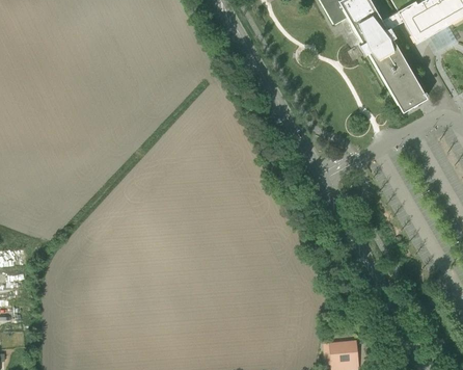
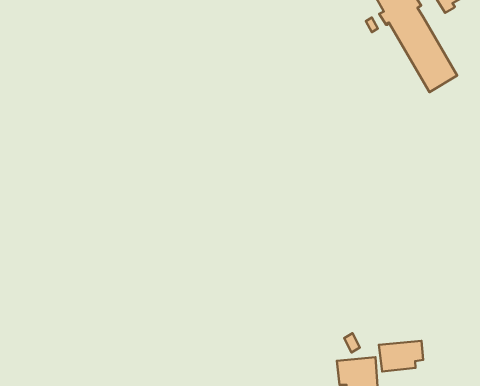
building: none -> [379,341,423,371]

